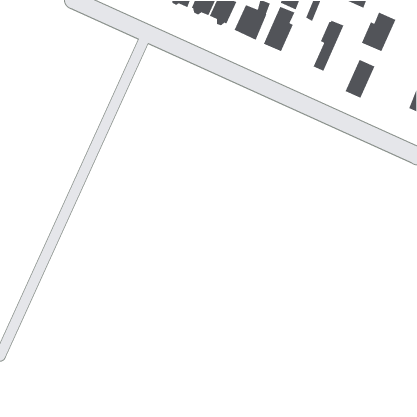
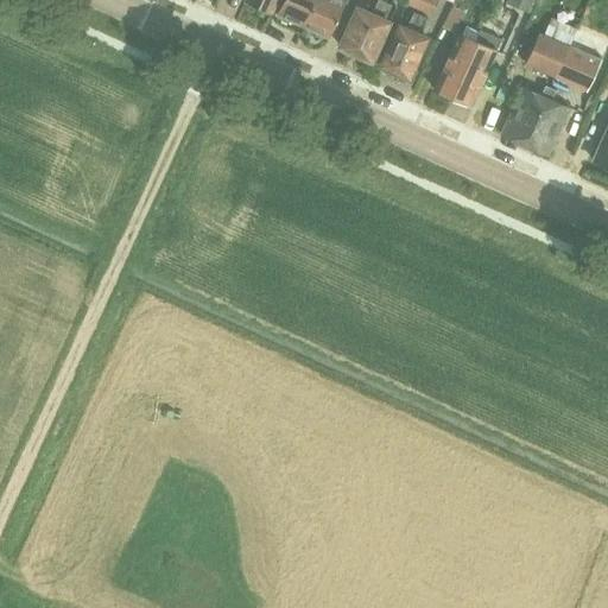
building: none -> [433,25,479,97]
building: none -> [556,28,600,90]
building: none -> [525,96,570,154]

